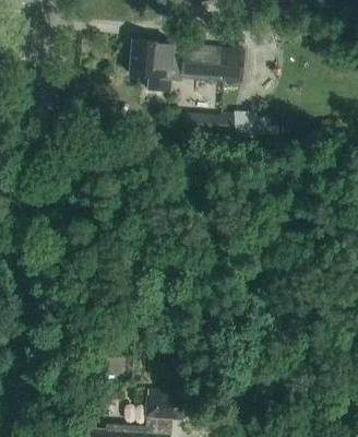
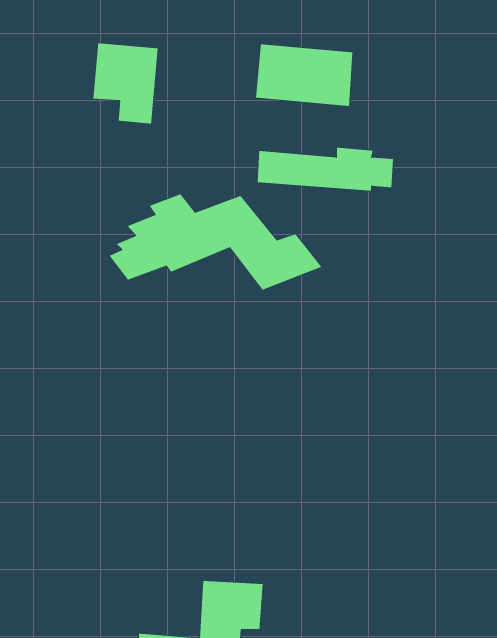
building: [130,39,172,92] -> [93,43,159,124]
building: none -> [109,193,322,291]

